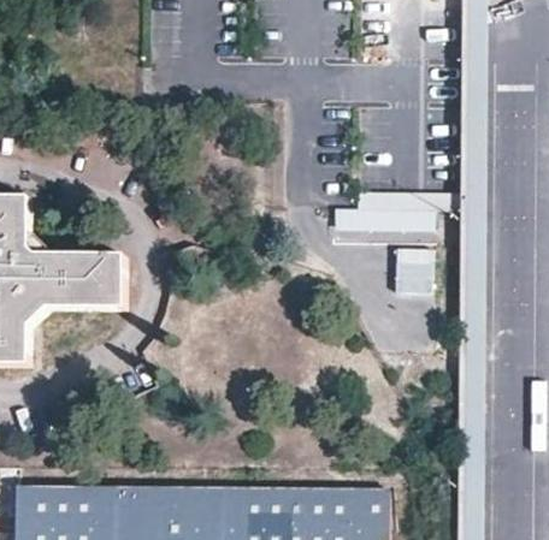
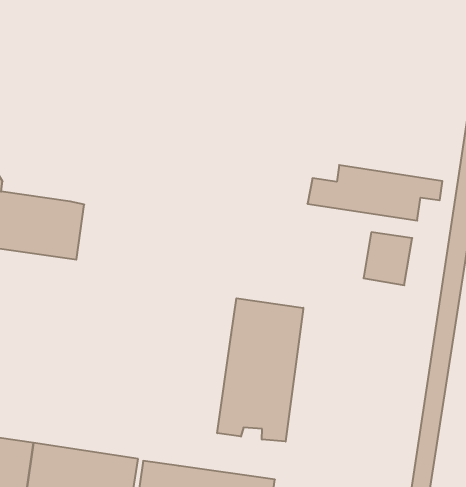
building: none -> [217,298,303,442]

